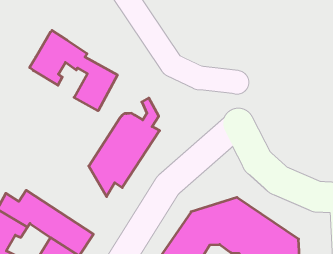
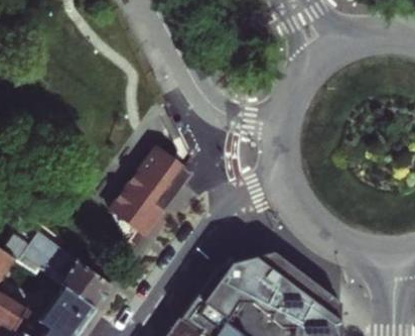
building: [30,30,117,111] -> none

